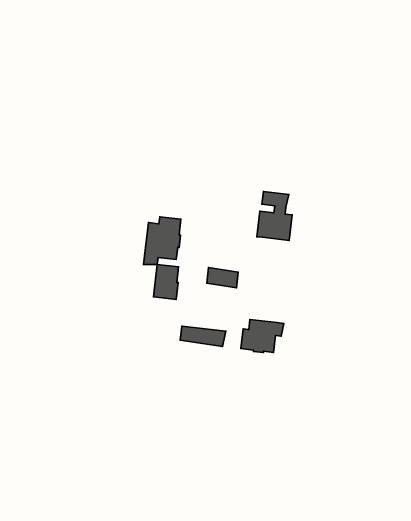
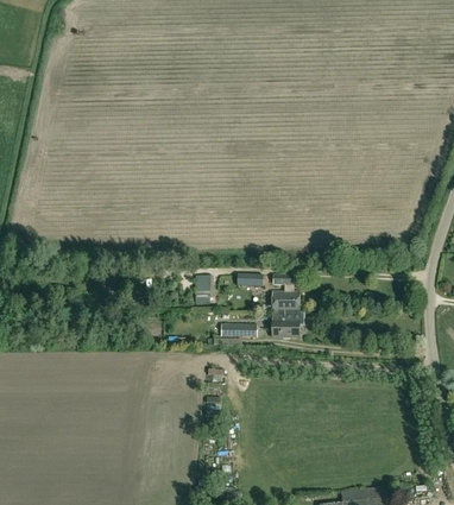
building: [257,192,292,240] -> [271,273,298,311]
building: [144,217,181,265] -> none

